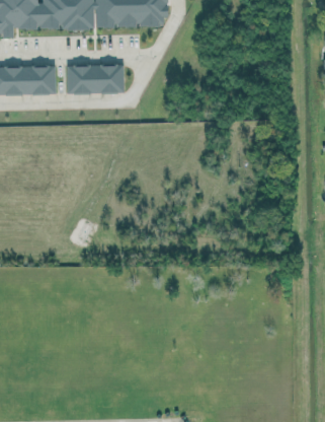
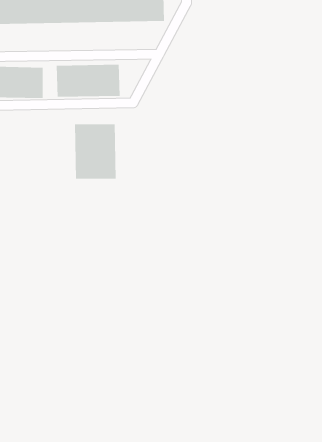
building: none -> [75,123,116,180]

